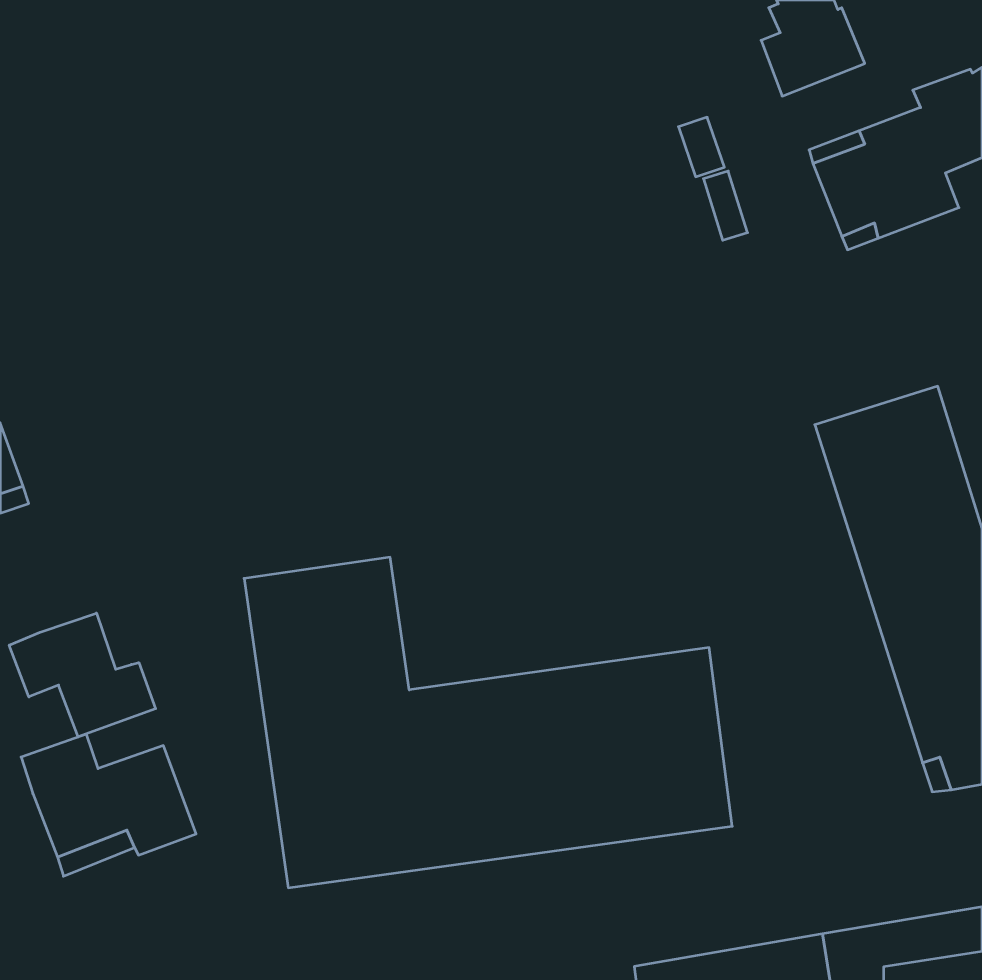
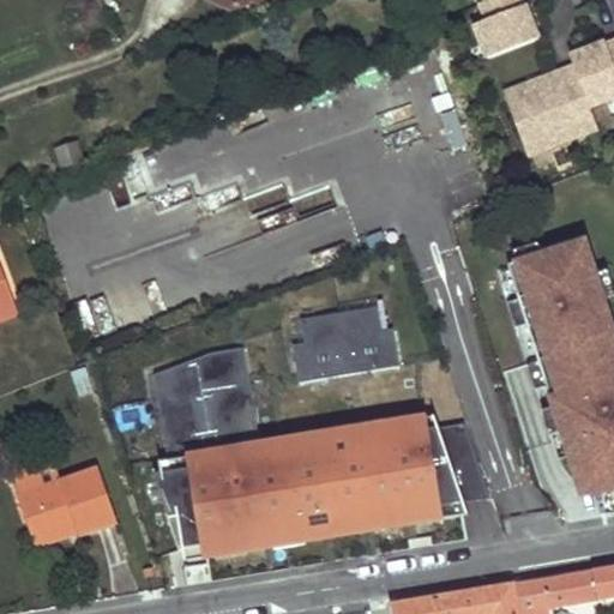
building: none -> [288,305,399,380]
building: [9,613,156,737] -> none

